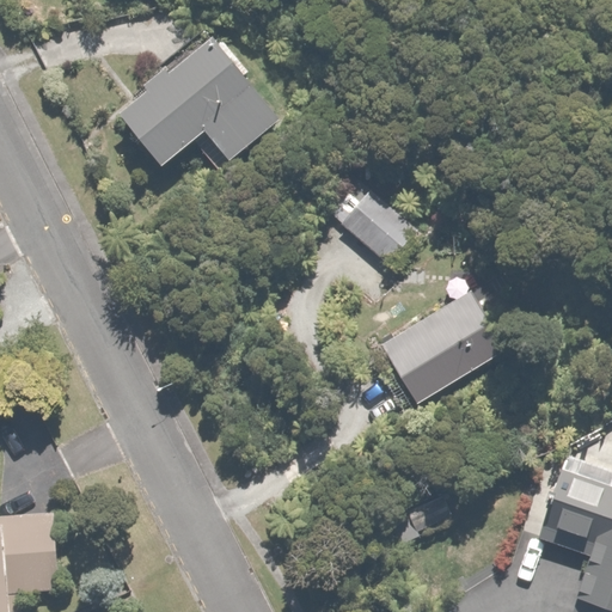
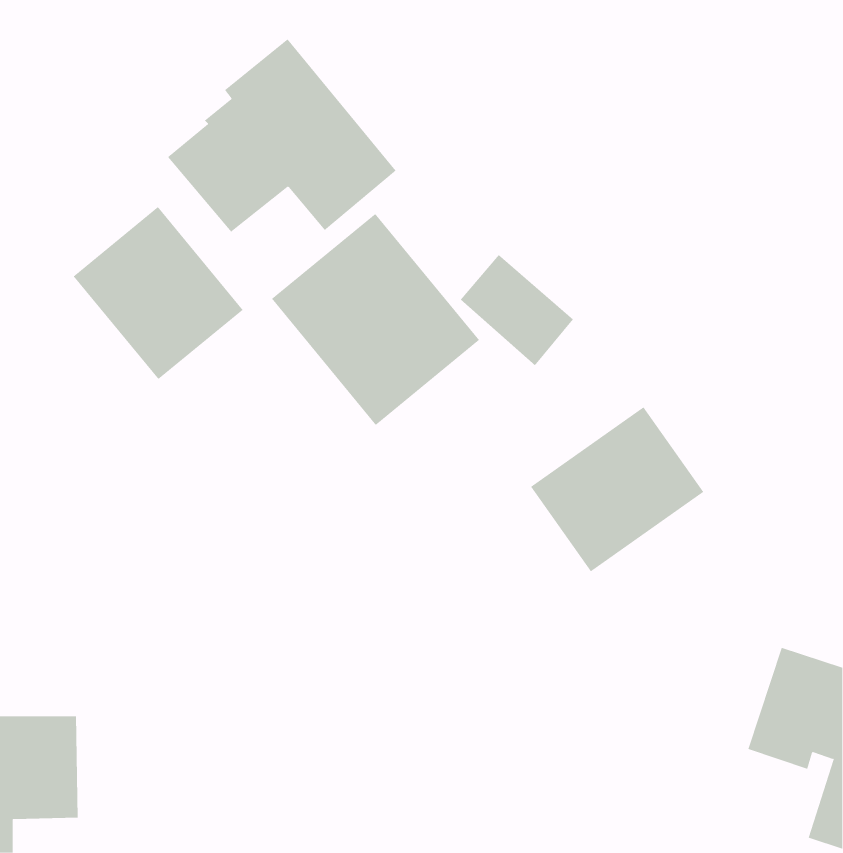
building: none -> [73,206,243,380]
building: none -> [271,213,480,426]

